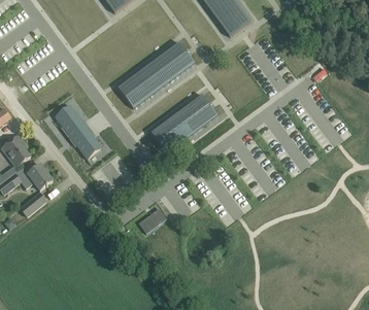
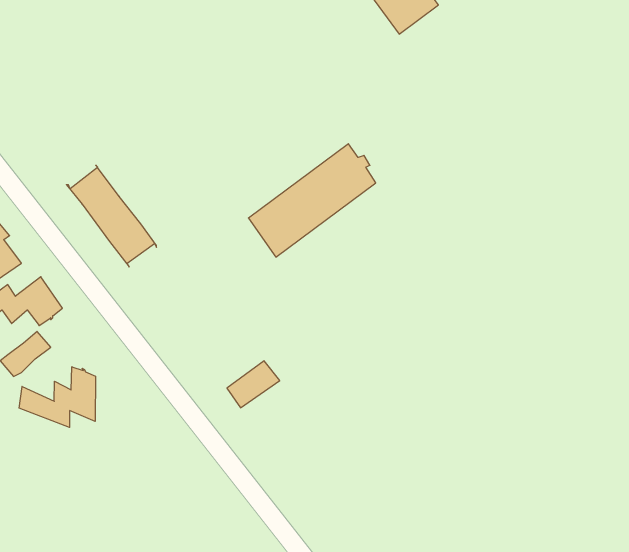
building: [119,41,195,107] -> none
building: none -> [19,367,95,427]

